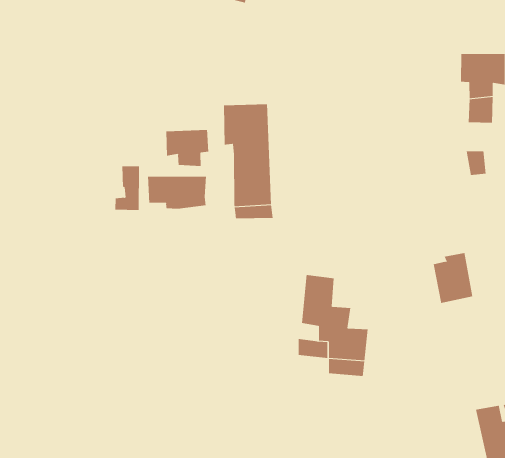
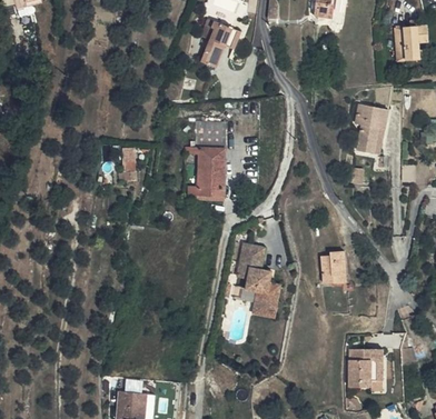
building: [166,129,209,167] -> none
building: [148,176,207,209] -> none

